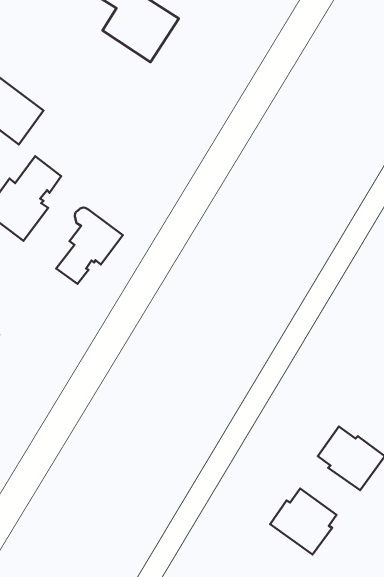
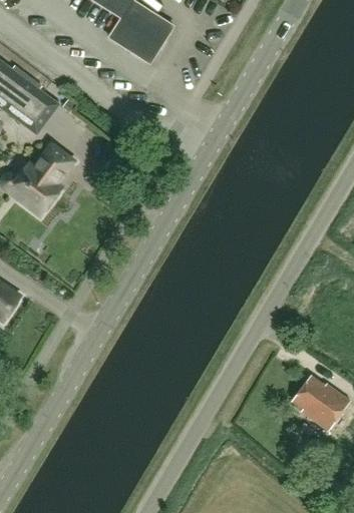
building: [56,208,123,284] -> none
building: [270,489,337,554] -> none

